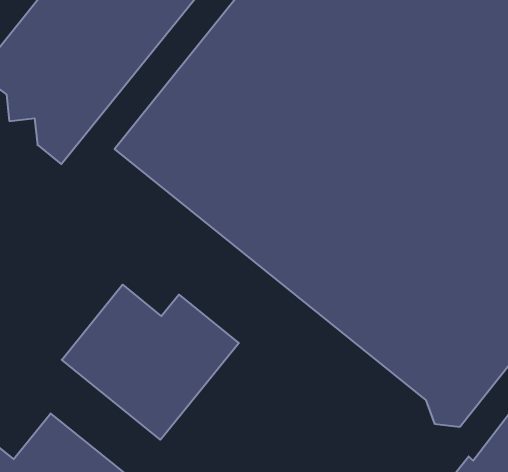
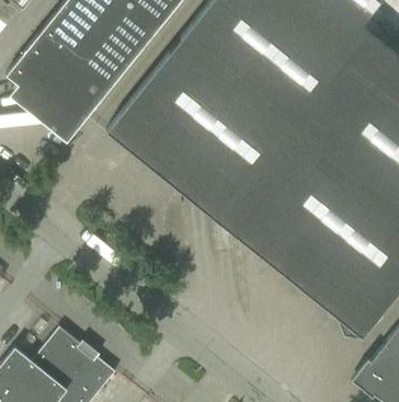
building: [62,285,239,440] -> none

